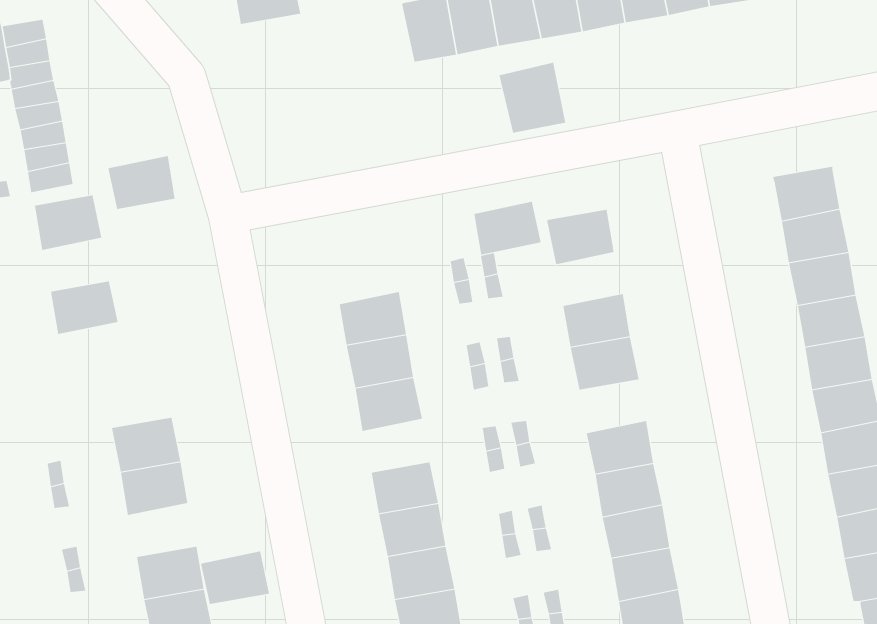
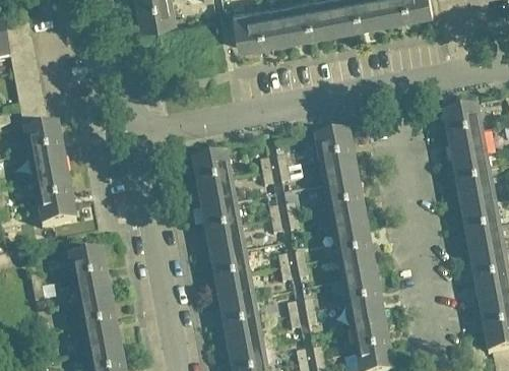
building: [499,62,566,134] -> none
building: [108,156,176,209] -> [29,149,68,180]
building: [473,201,541,255] -> [321,158,360,188]
building: none -> [193,156,233,187]
building: none -> [39,197,77,229]
building: none -> [334,230,373,260]
building: none -> [211,252,250,283]
building: [200,551,270,605] -> [78,300,118,330]

